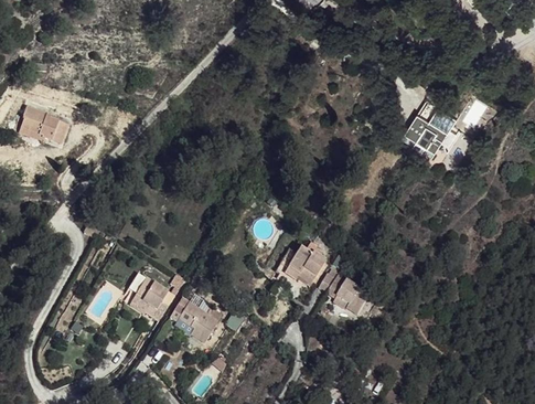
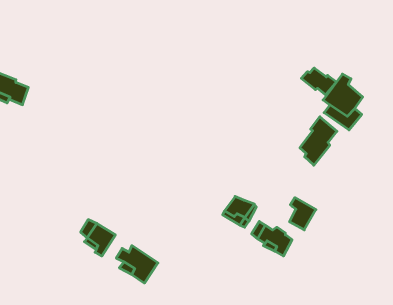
building: none -> [301,68,336,95]
building: none -> [300,117,337,165]
building: none -> [290,198,316,230]

